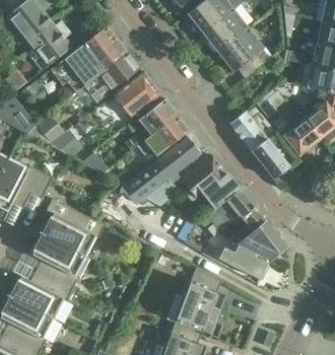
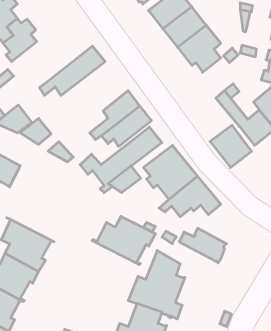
building: [51,25,128,92] -> none
building: [113,71,161,118] -> none
building: [230,106,275,152] -> none
building: [38,207,105,258] -> [92,216,156,265]
building: [226,222,285,260] -> none

